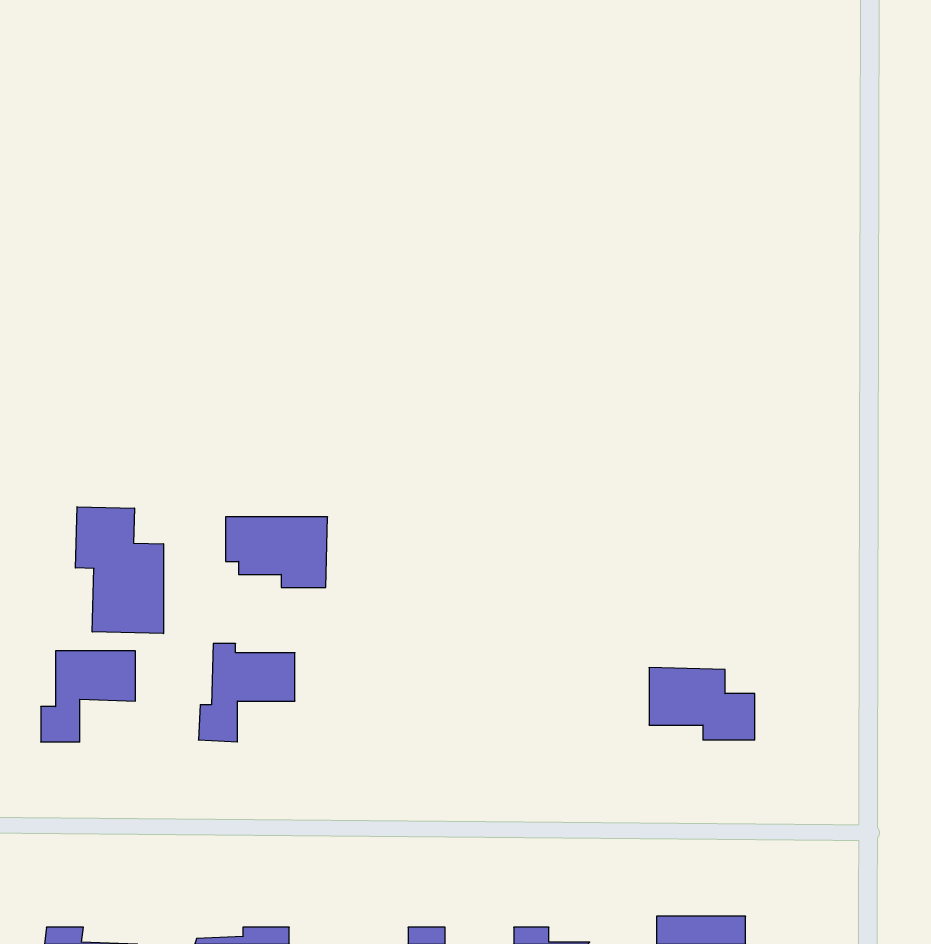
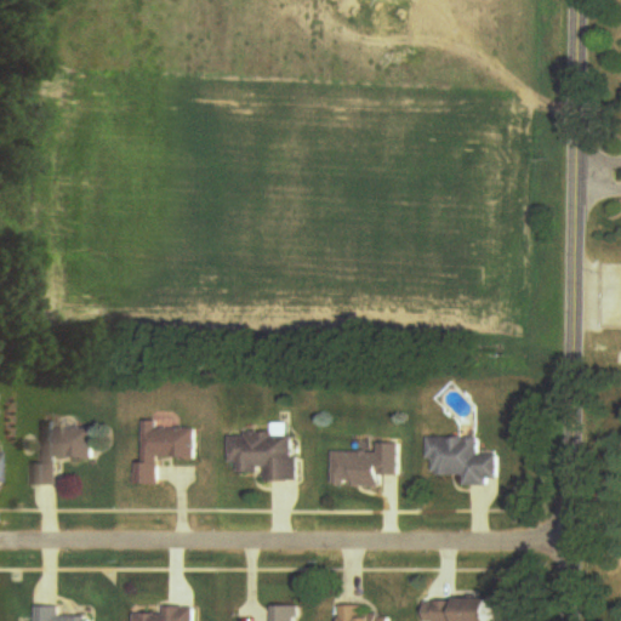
building: [75,507,163,634] -> none
building: [226,517,328,587] -> [226,434,292,480]
building: none -> [327,443,395,485]

